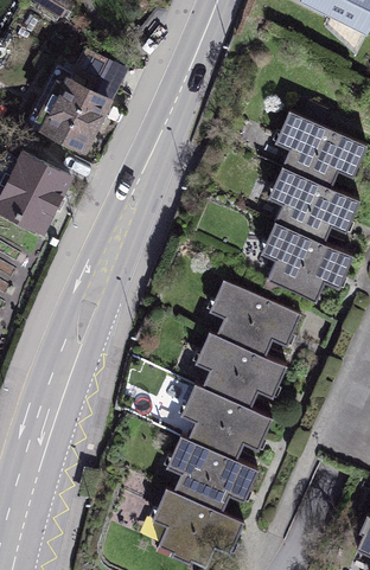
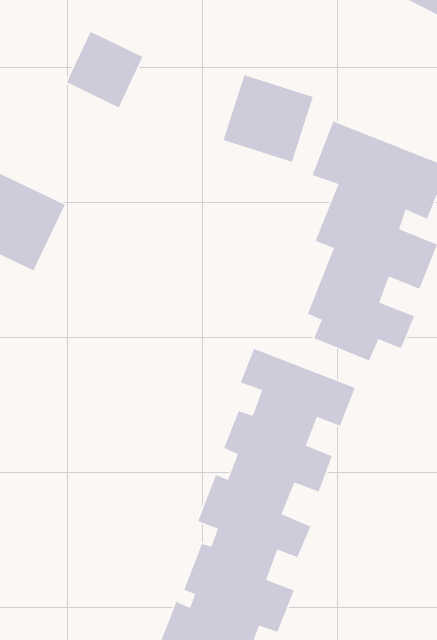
building: none -> [223,74,314,163]
building: [36,84,107,159] -> none

